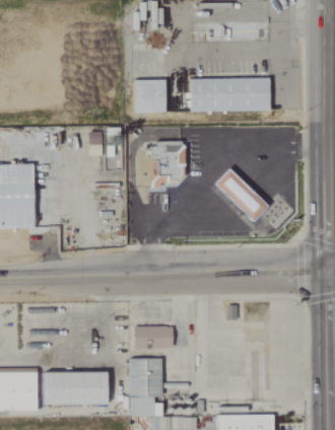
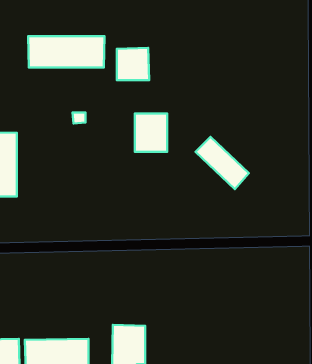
building: none -> [28,36,104,68]
building: [190,77,270,112] -> none
building: [135,326,174,349] -> none

